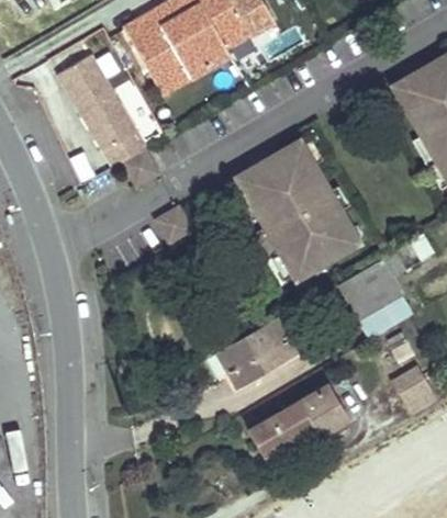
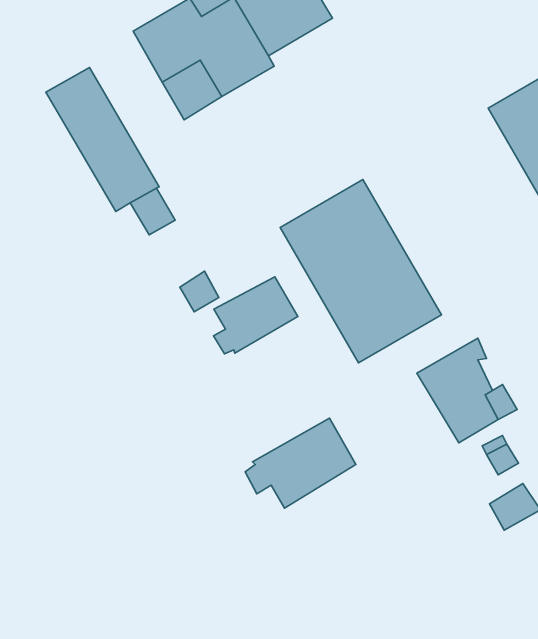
building: none -> [213,277,298,354]
building: [252,385,349,457] -> none

